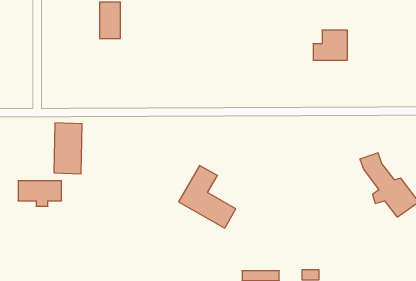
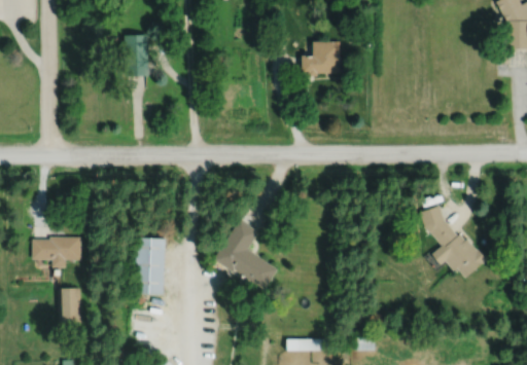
building: [313,30,347,60] -> [301,41,340,75]
building: [54,123,82,174] -> [133,238,165,295]
building: none -> [59,288,82,322]

